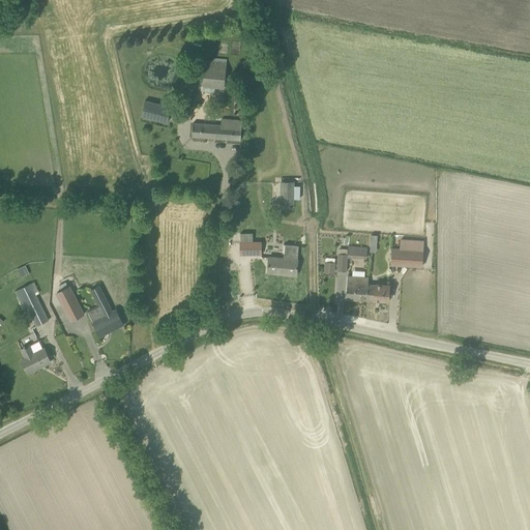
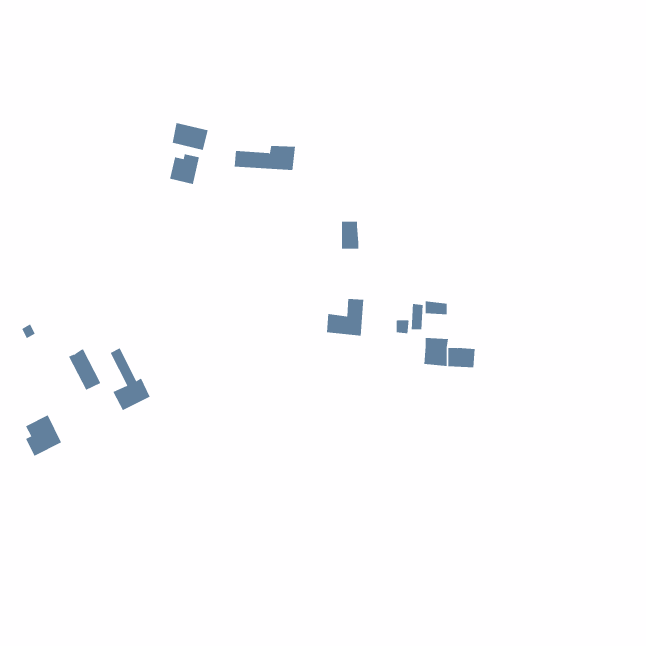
building: [203,62,227,88] -> none
building: none -> [169,153,199,185]
building: [240,232,261,255] -> none
building: [391,247,422,265] -> none
building: [14,282,48,326] -> none

